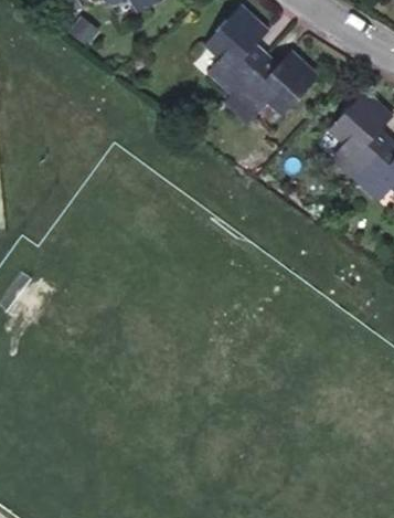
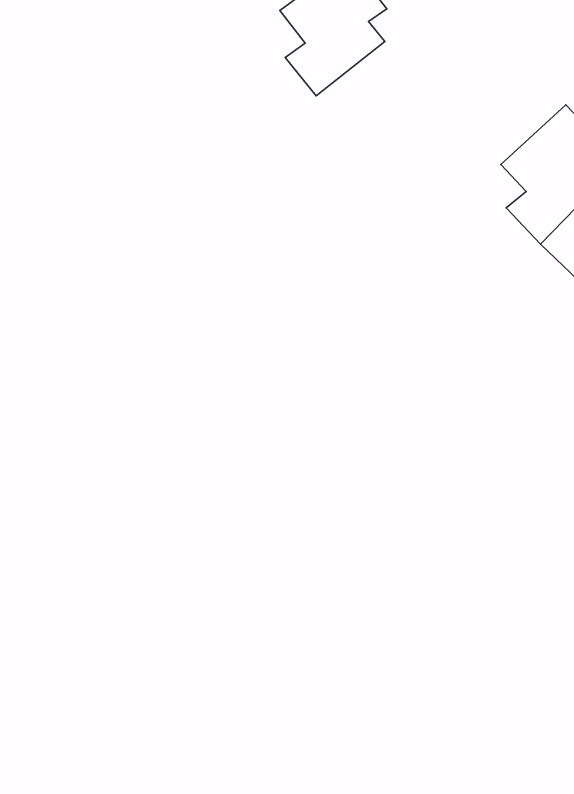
building: [220,56,306,120] -> none

